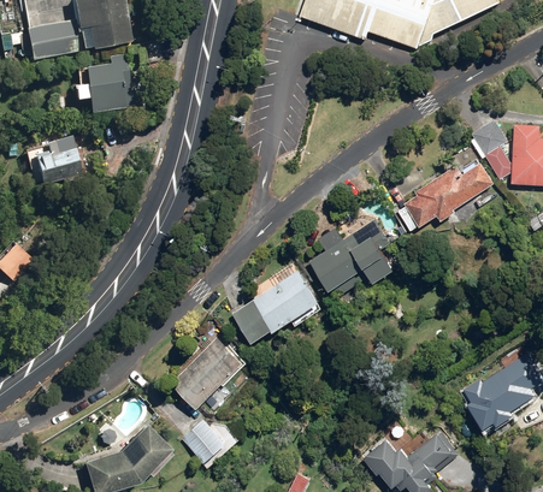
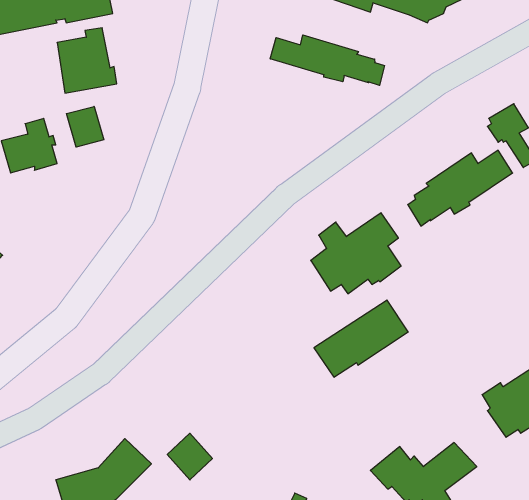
building: none -> [270,35,385,85]
building: none -> [66,106,104,147]
building: [234,273,319,343] -> [314,300,408,377]
building: [172,338,242,410] -> none

